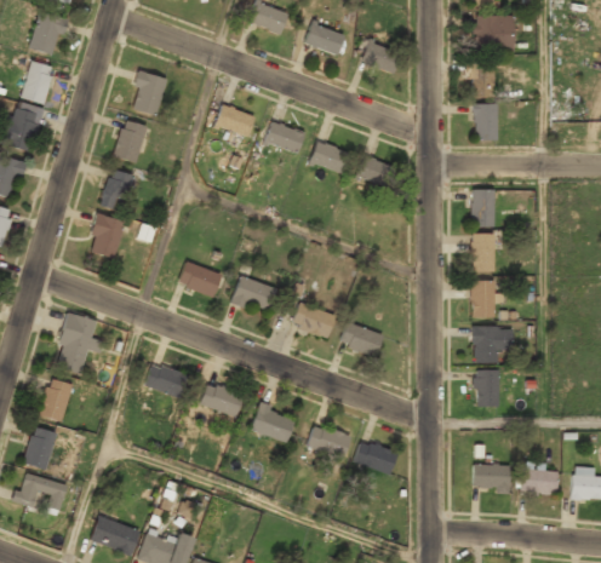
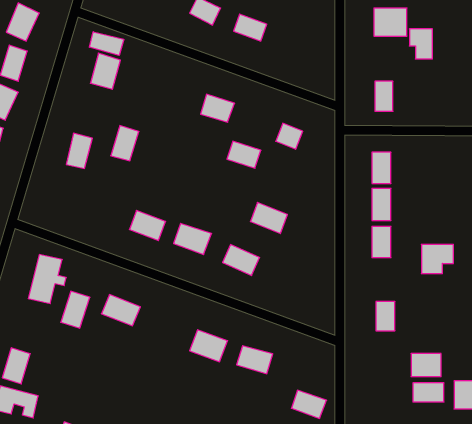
building: [360,40,401,75] -> none
building: none -> [89,32,124,55]
building: [467,61,494,97] -> [409,29,432,59]
building: [214,104,256,137] -> none
building: [114,119,148,161] -> [111,126,139,161]
building: [309,140,350,173] -> [227,141,261,168]
building: [88,213,125,258] -> none
building: [339,321,384,358] -> [250,202,287,234]
building: [474,327,513,362] -> [421,244,453,274]
building: [39,378,74,423] -> [61,291,90,328]
building: [200,383,245,418] -> none
building: [355,438,397,472] -> [291,390,327,418]
building: [474,464,510,492] -> [411,354,441,377]

